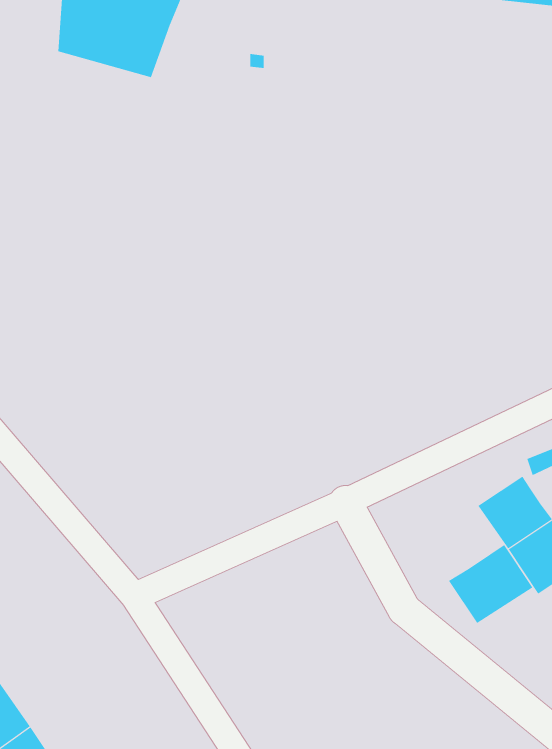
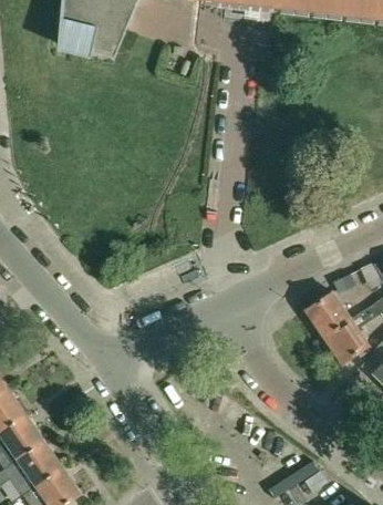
building: [448,544,533,624] -> none

